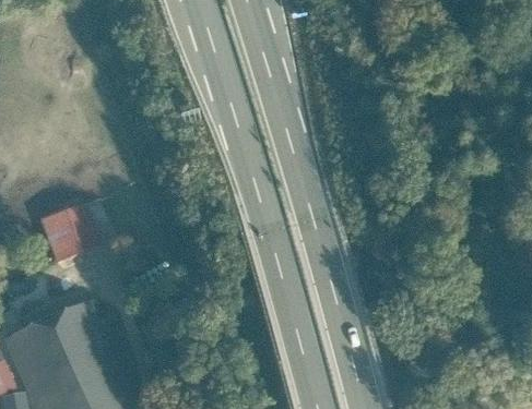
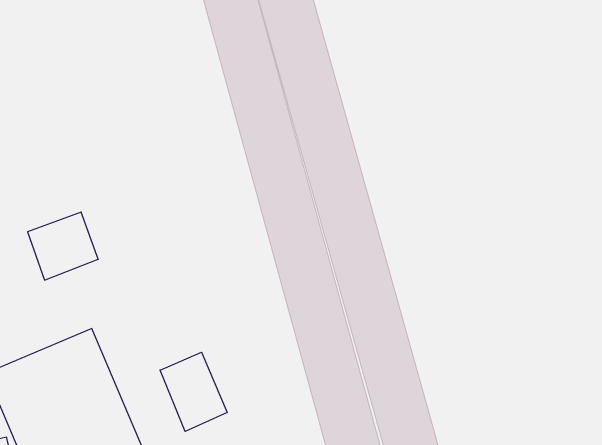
building: none -> [160,352,227,431]

